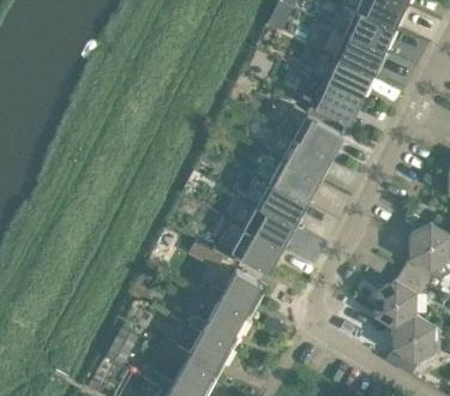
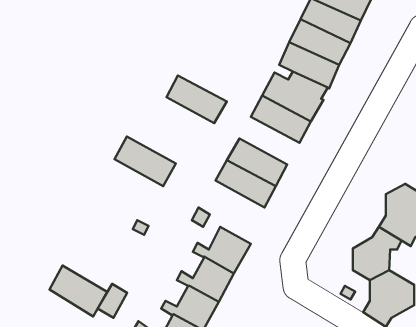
building: [254,152,318,203] -> [167,76,227,123]
building: [216,220,281,272] -> [114,136,176,186]
building: none -> [49,266,107,316]

